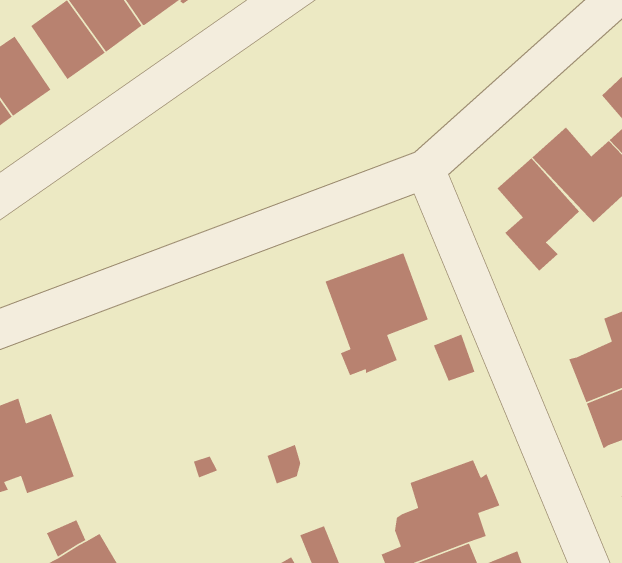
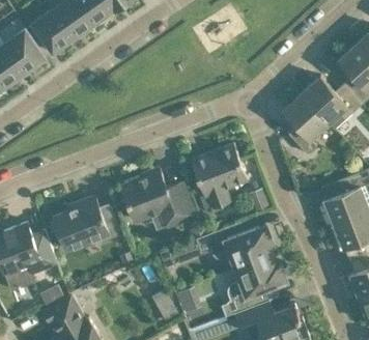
building: none -> [120,175,194,227]
building: none -> [49,198,121,253]
building: none -> [195,221,272,268]

